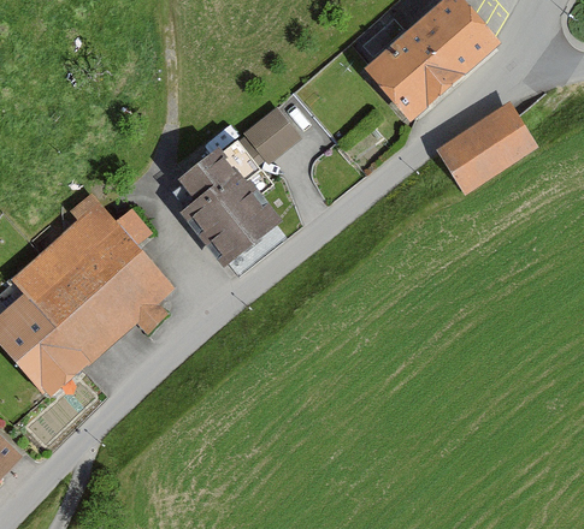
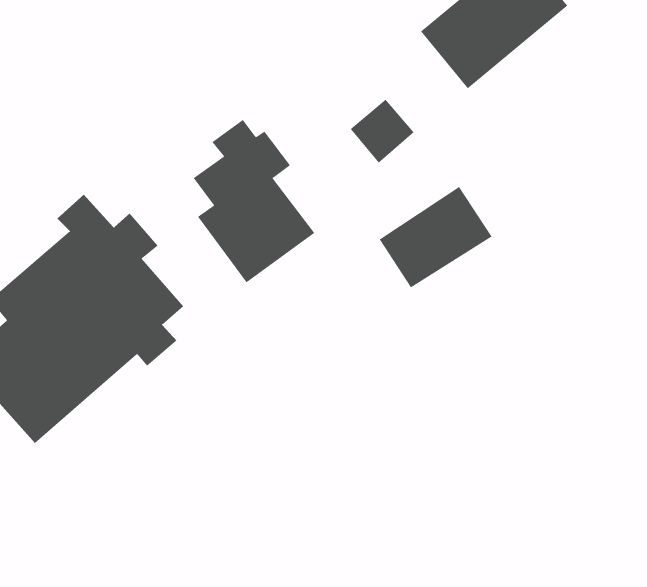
building: [440,101,535,186] -> [379,186,492,288]
building: [243,108,297,162] -> [350,99,414,164]

